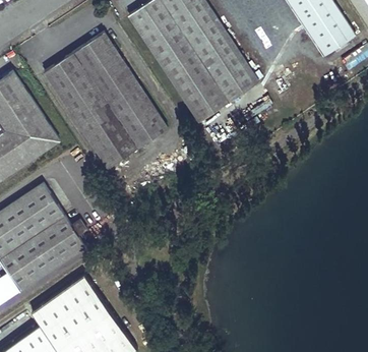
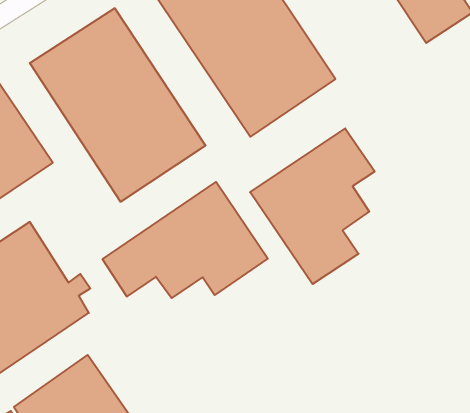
building: none -> [250,128,375,284]
building: none -> [103,182,268,298]

